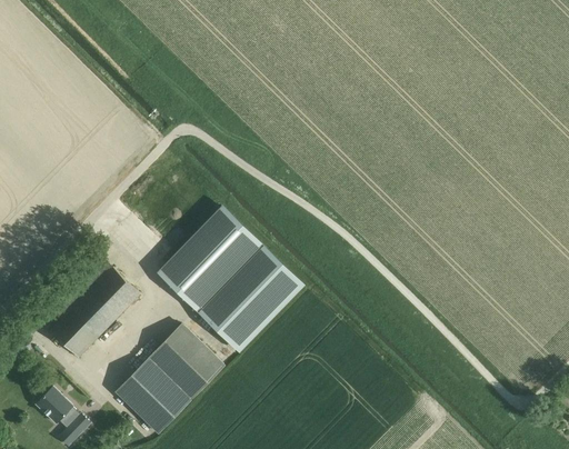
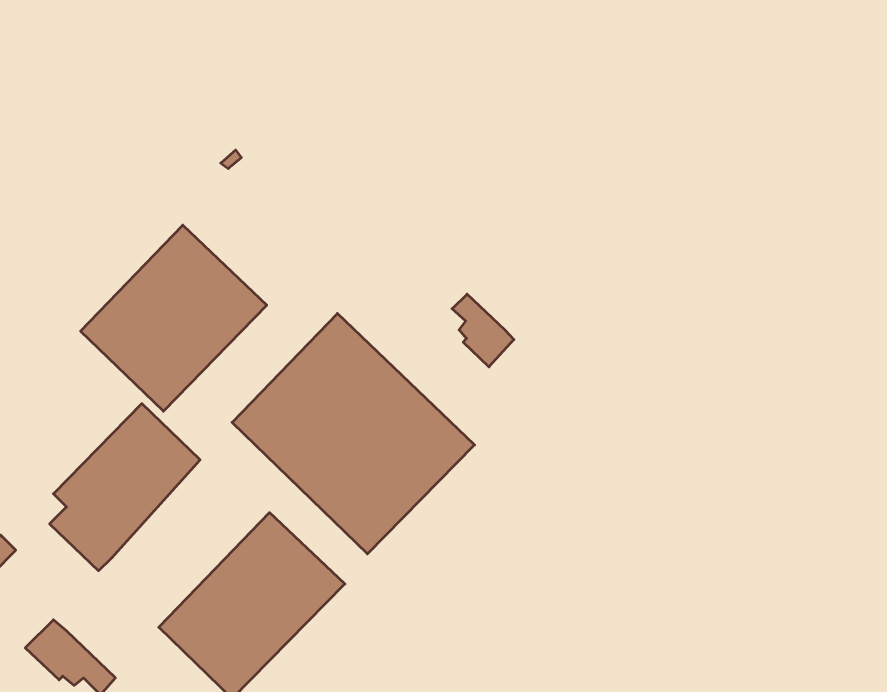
building: none -> [81,225,267,411]
building: none -> [452,294,514,367]

